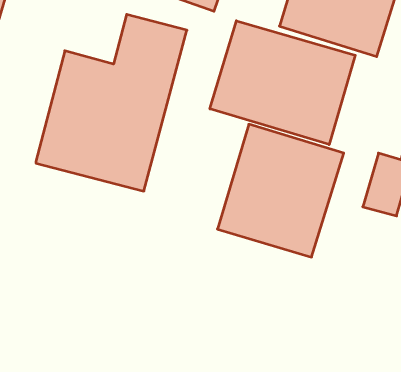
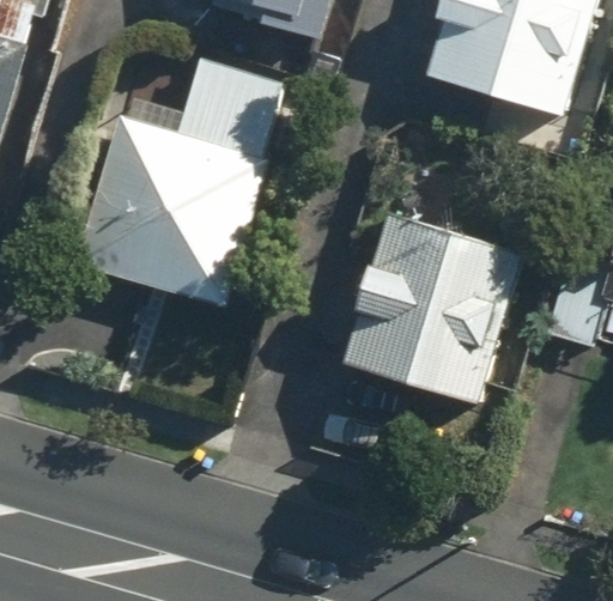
building: [210,21,355,145] -> none

